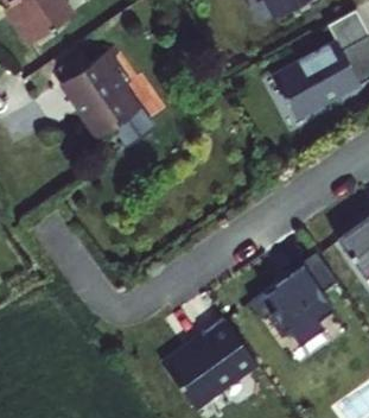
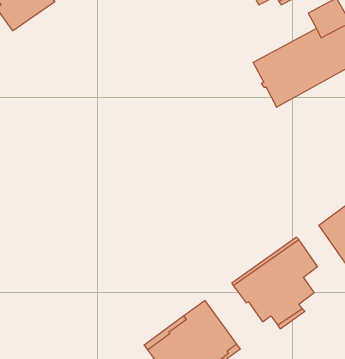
building: [62,50,155,147] -> none

